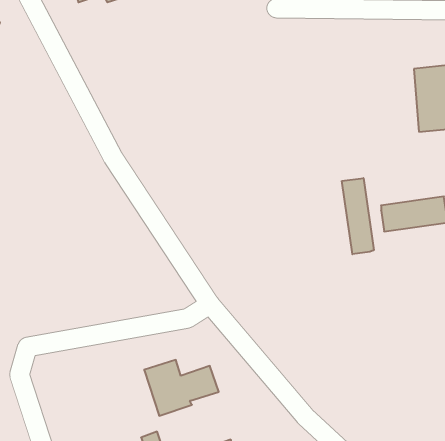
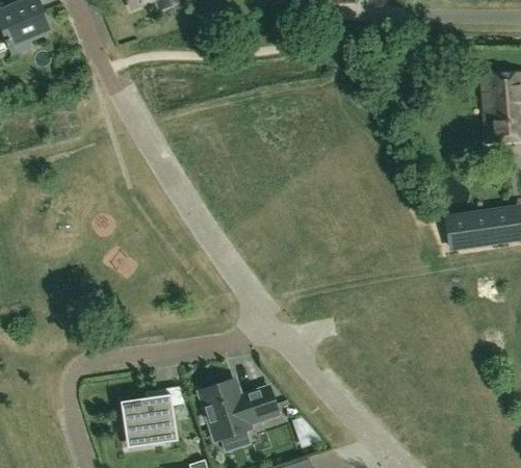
building: [342,178,374,254] -> none
building: none -> [121,387,185,444]

